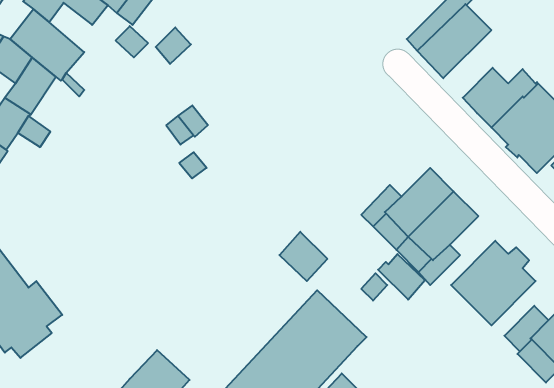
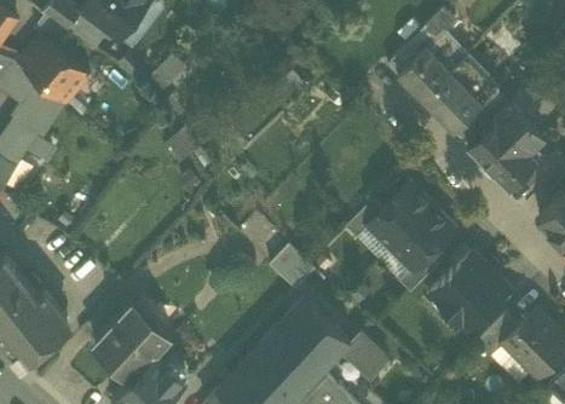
building: none -> [422,56,500,119]
building: [378,254,425,300] -> [342,335,386,377]
building: none -> [93,306,169,380]

